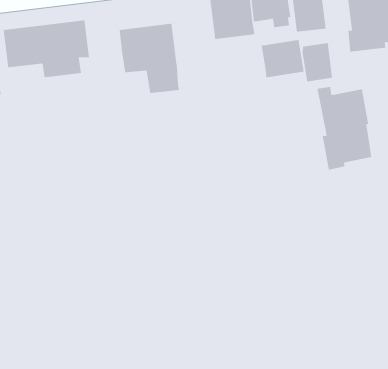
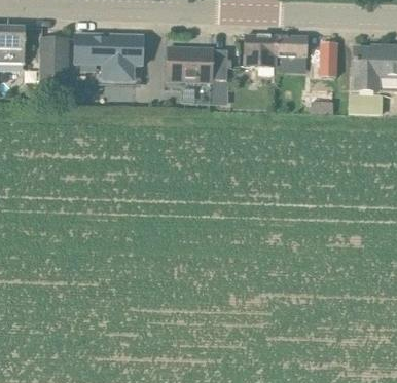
building: none -> [211,48,228,81]
building: [261,39,304,78] -> none
building: [317,86,372,171] -> none

